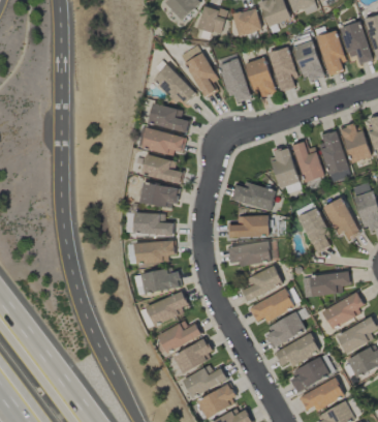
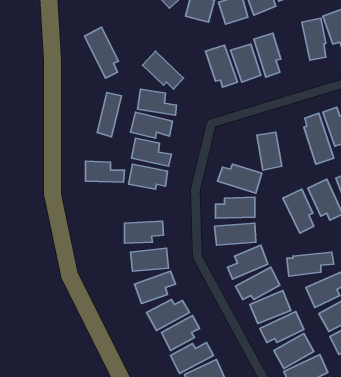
building: [294,40,324,83] -> none
building: [182,46,217,98] -> [85,27,119,78]
building: none -> [97,93,121,137]
building: [292,141,324,183] -> none
building: [134,213,175,235] -> [86,161,125,182]

